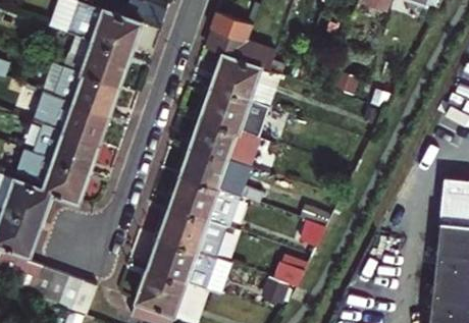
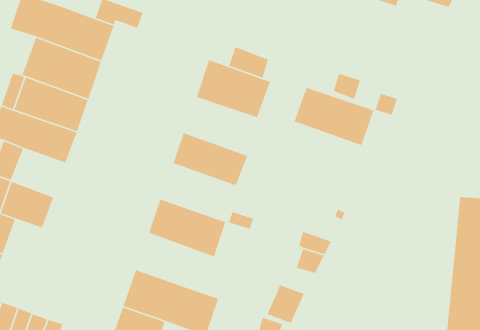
building: [209,12,254,61] -> none
building: [201,89,272,141] -> [293,87,375,146]
building: [50,133,98,176] -> none
building: [180,147,246,197] -> none
building: [159,208,228,260] -> none

